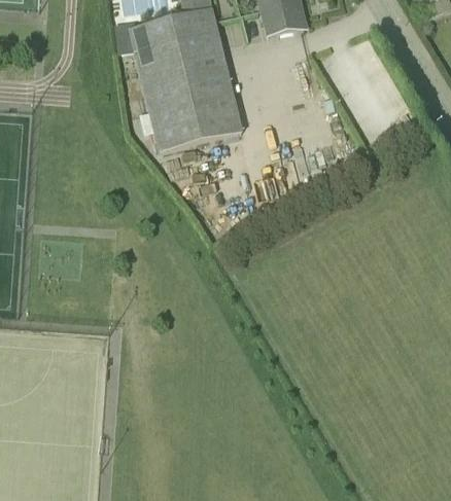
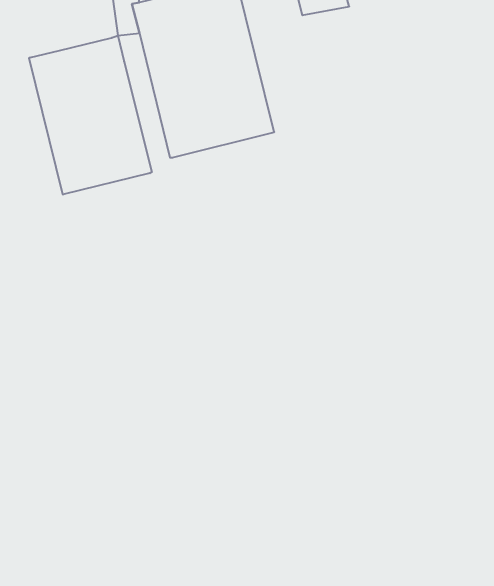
building: none -> [29,36,152,195]

